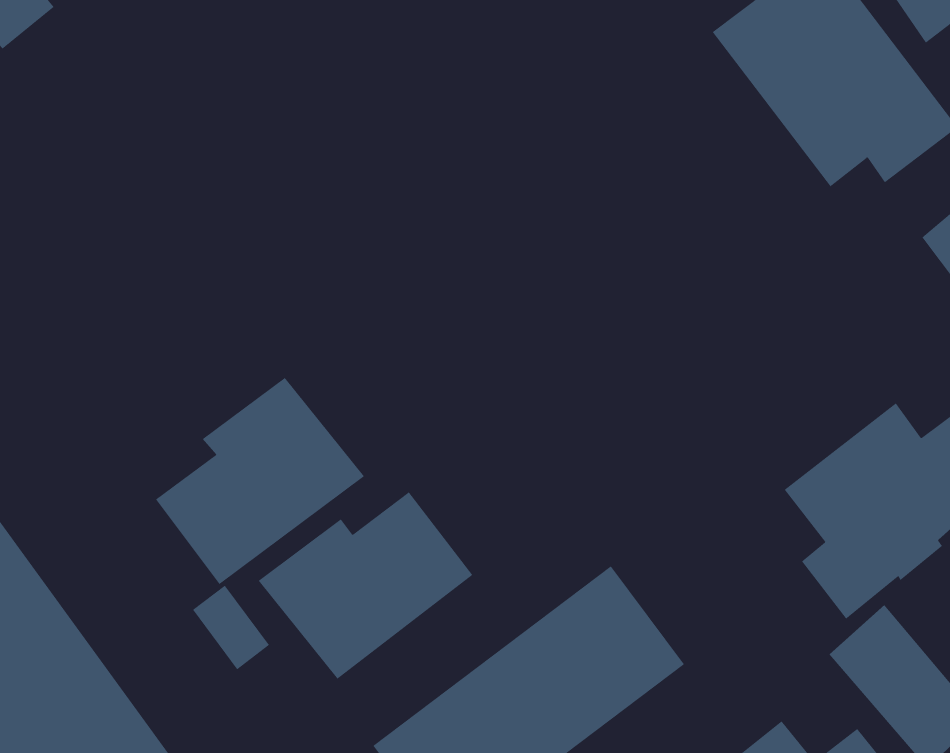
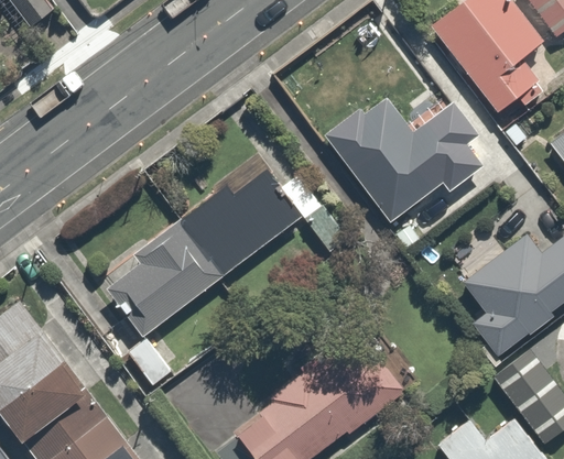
building: none -> [322,89,490,220]
building: [258,491,473,680] -> [184,170,306,276]

